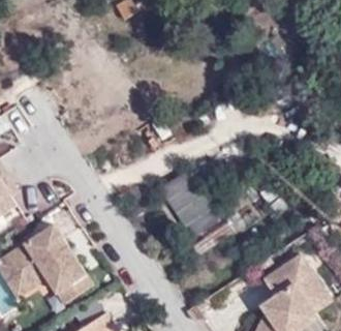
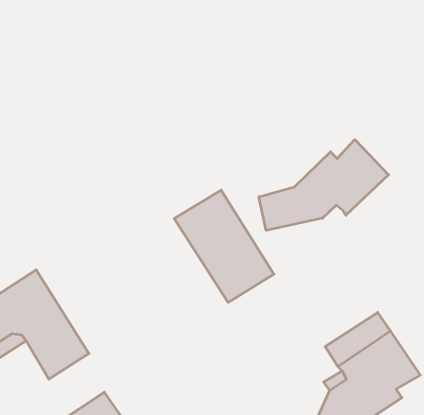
building: none -> [259,140,389,230]

